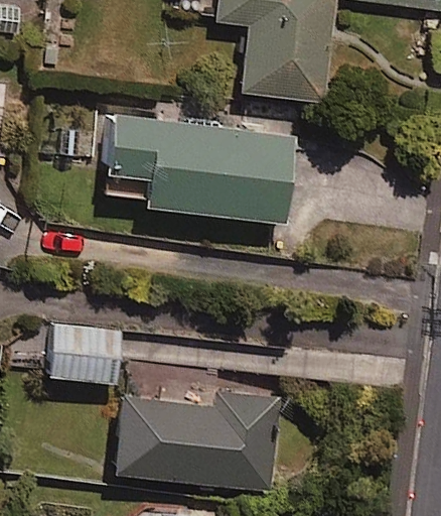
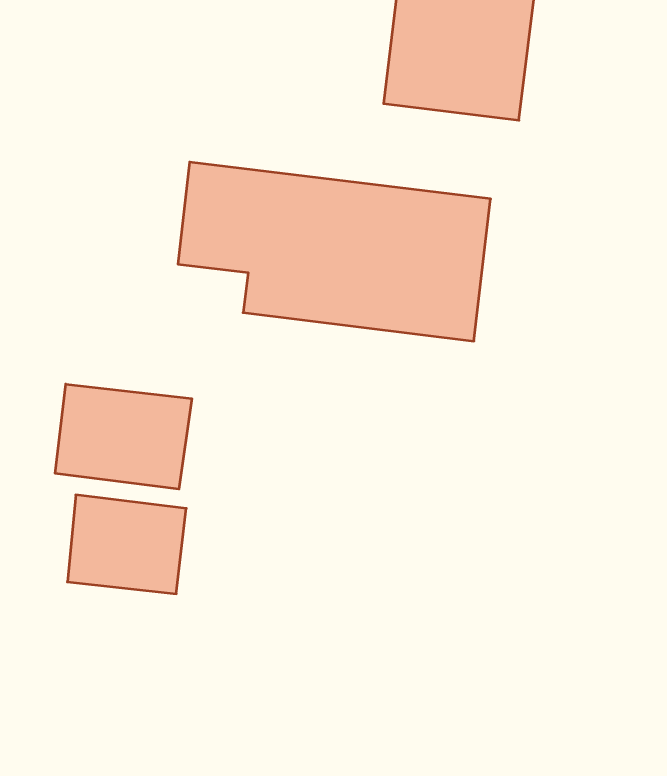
building: none -> [55,384,192,489]
building: [111,381,279,484] -> none

